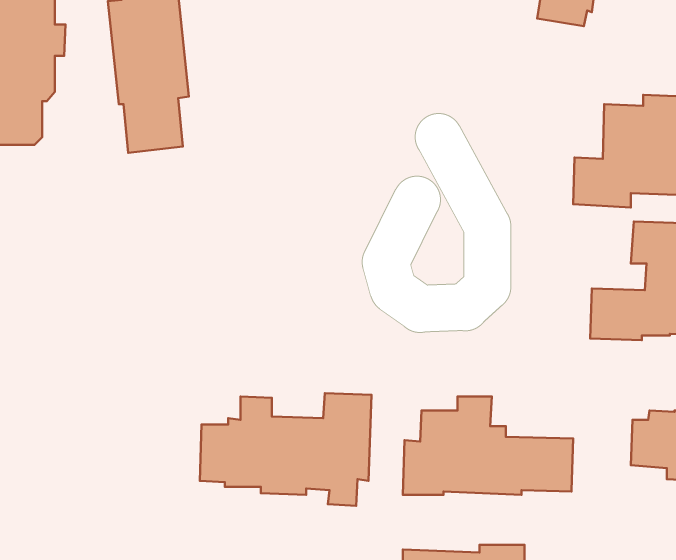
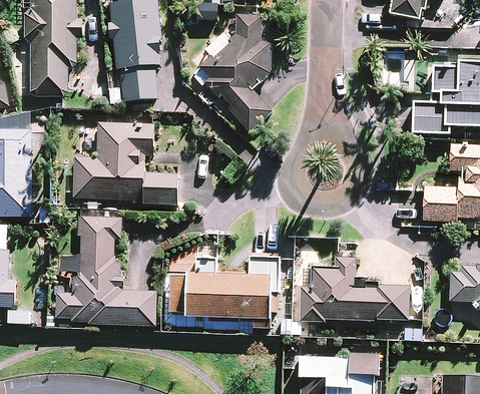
building: none -> [197,13,273,131]
building: none -> [73,121,177,204]
building: none -> [56,215,156,325]

